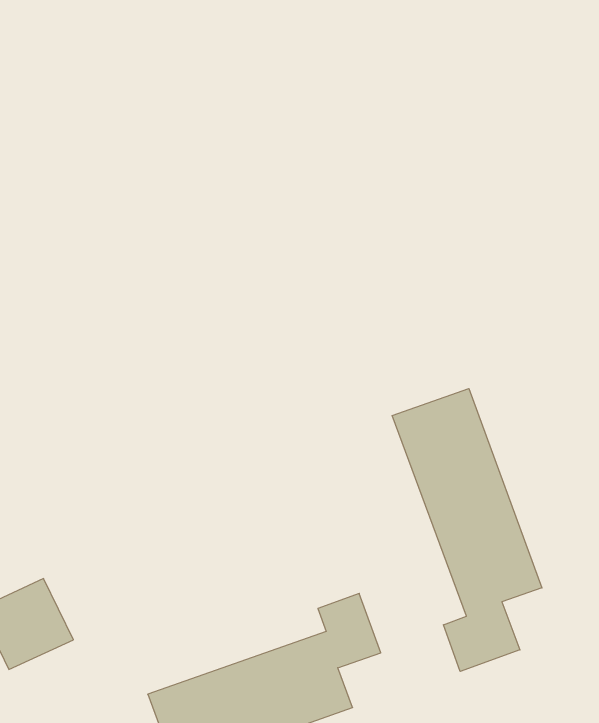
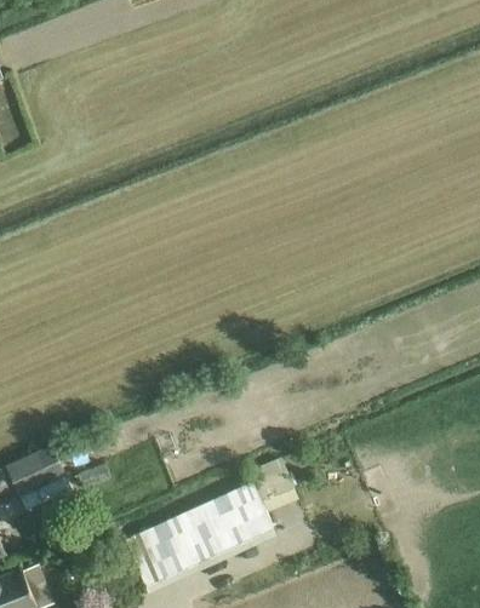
building: [392,389,542,671] -> none

